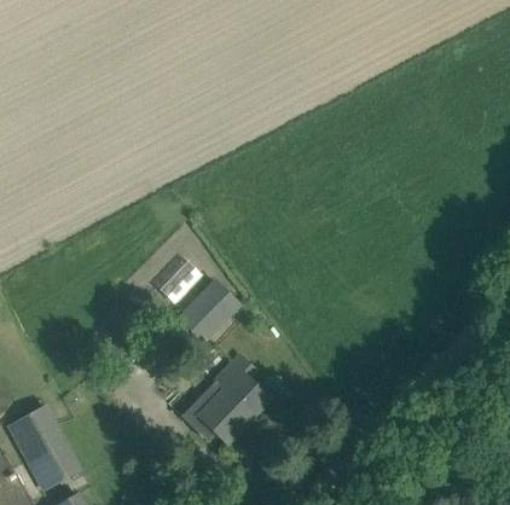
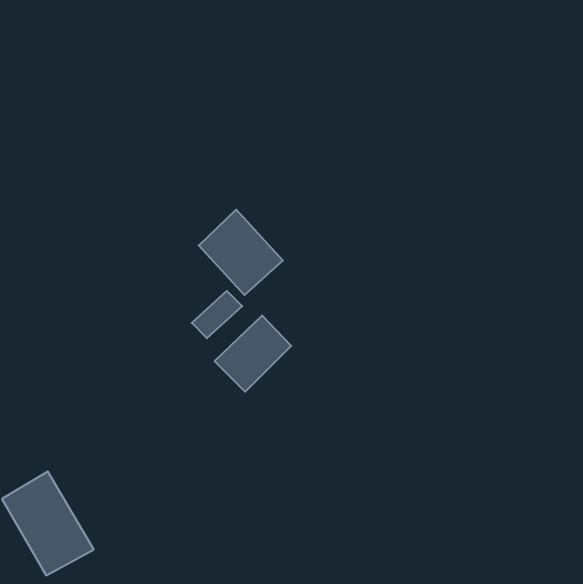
building: none -> [199,210,283,295]
building: [199,354,268,441] -> none

